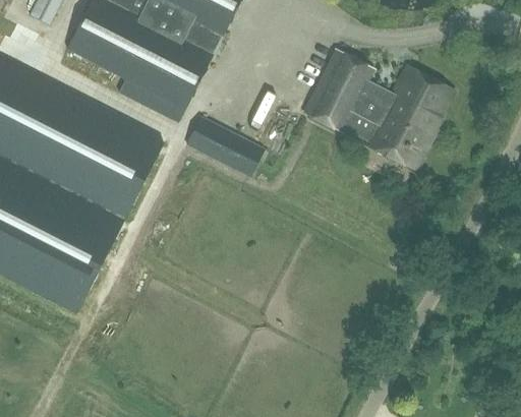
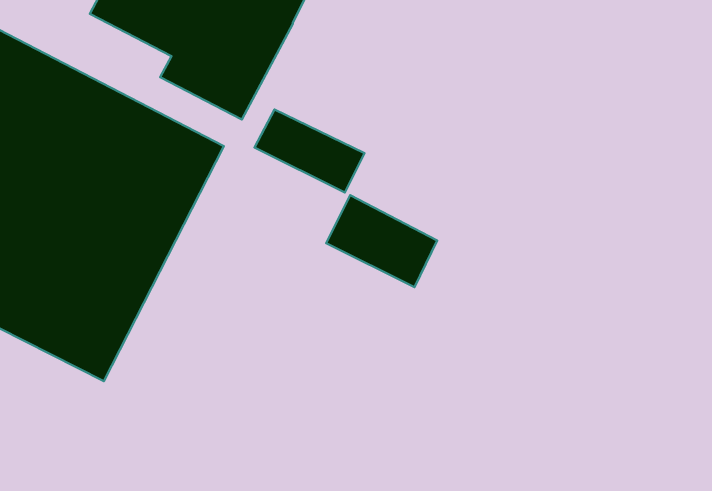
building: [301,49,453,169] -> none
building: none -> [326,195,437,287]

